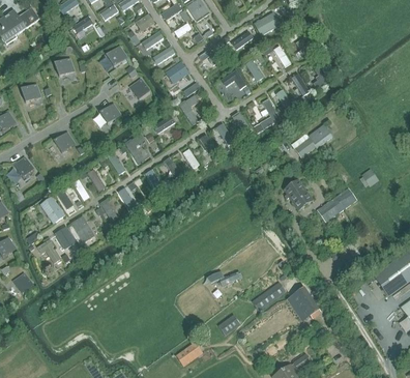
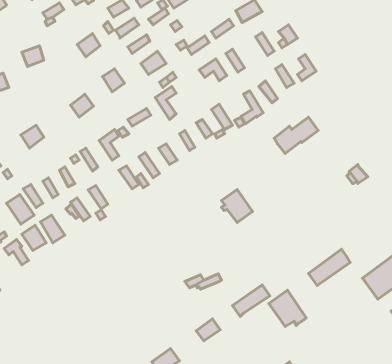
building: [284,179,313,210] -> [222,190,253,223]
building: [317,187,356,222] -> [308,249,350,285]

